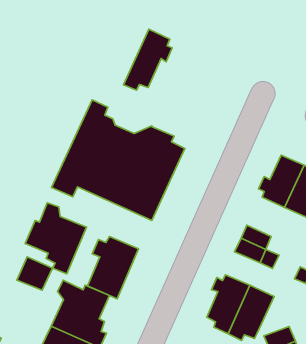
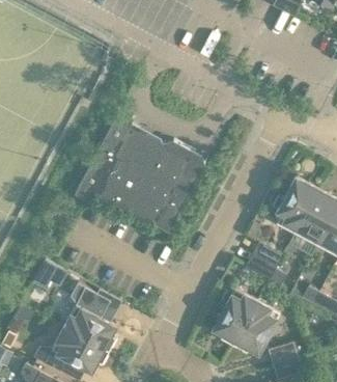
building: [124,29,172,90] -> none
building: [25,203,87,274] -> none
building: [87,237,138,299] -> none

